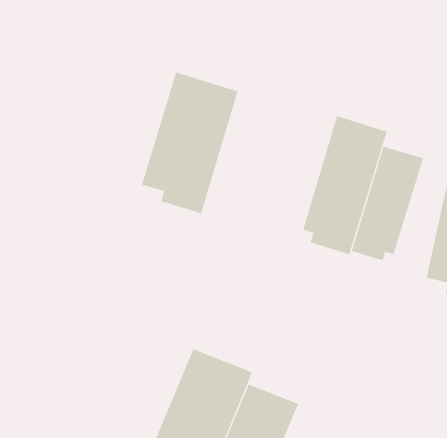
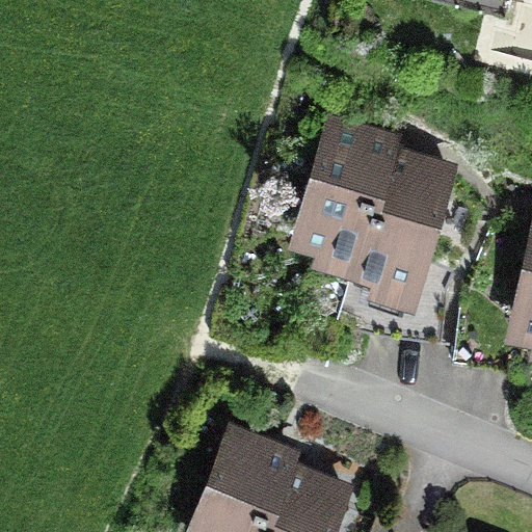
building: [141,72,239,214] -> [288,115,403,284]
building: [351,146,424,261] -> none

